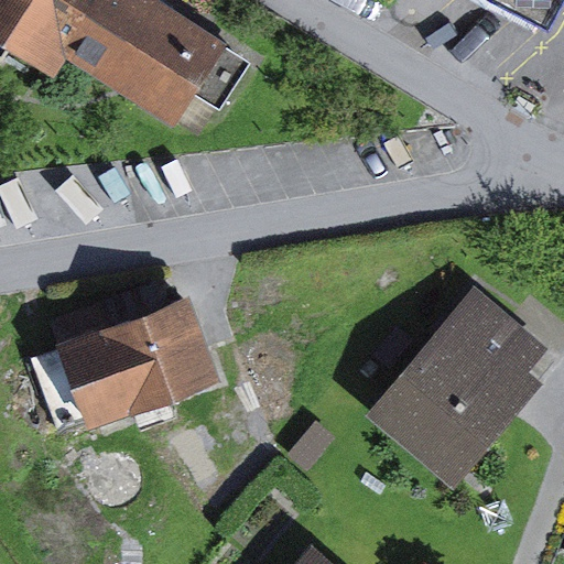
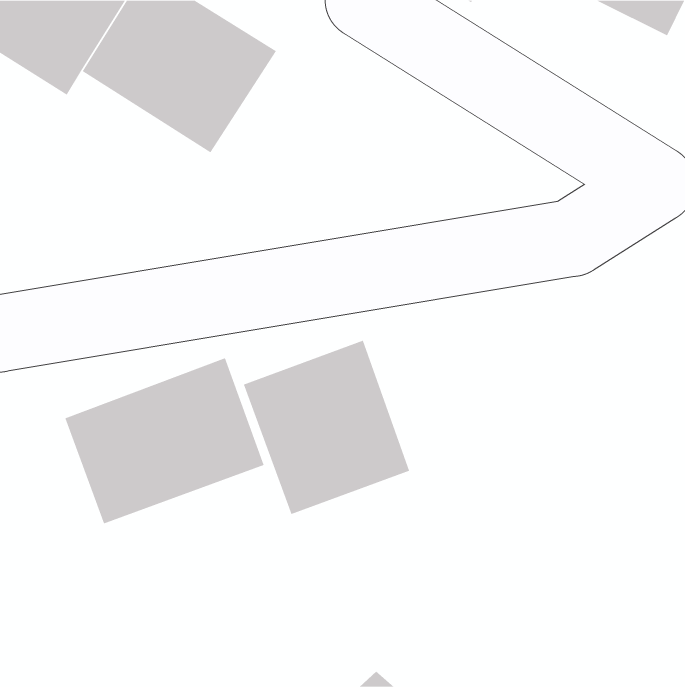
building: none -> [243,340,410,515]
building: [366,283,552,489] -> none

